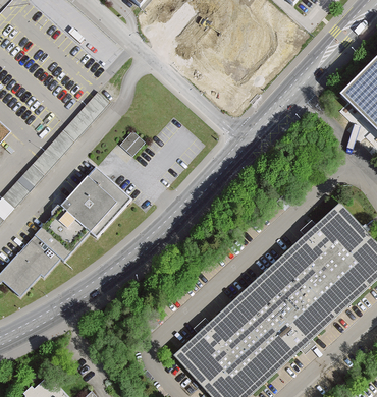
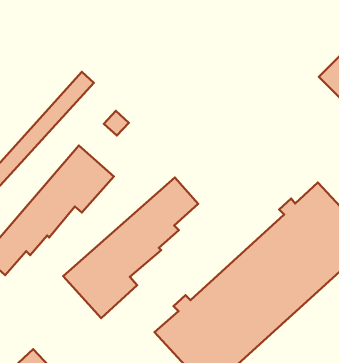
building: none -> [63,177,198,318]

